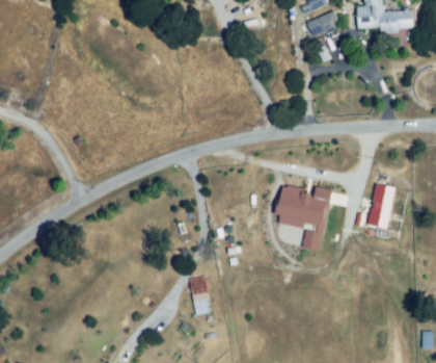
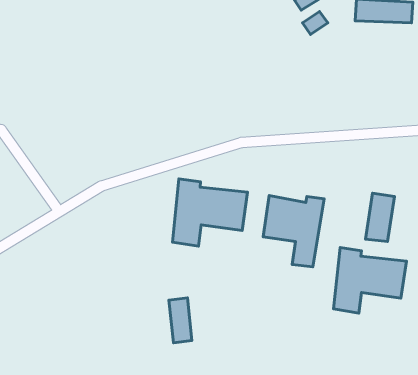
building: none -> [173,179,248,246]
building: none -> [334,248,407,313]

